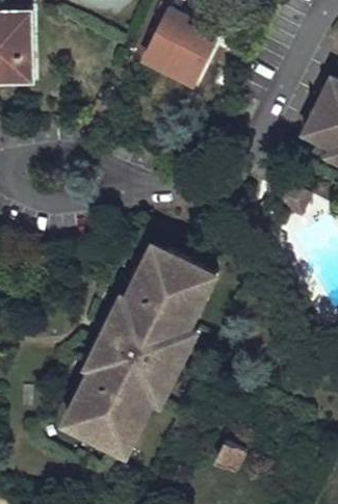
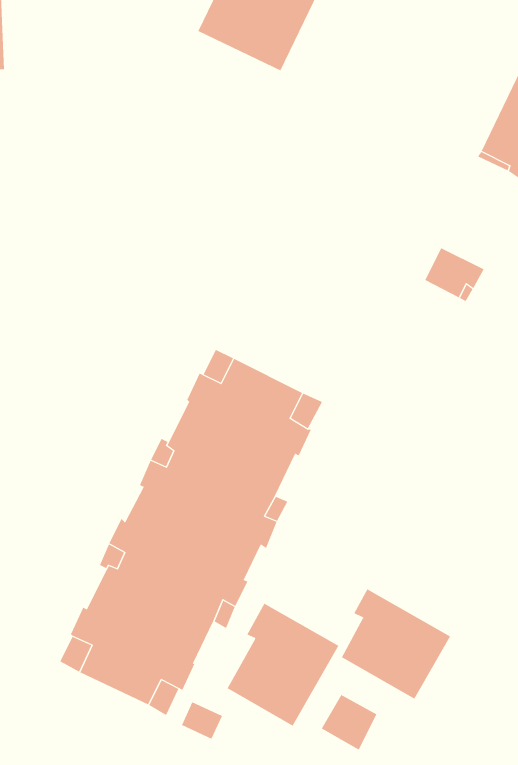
building: none -> [341,588,451,700]
building: none -> [227,603,339,726]

